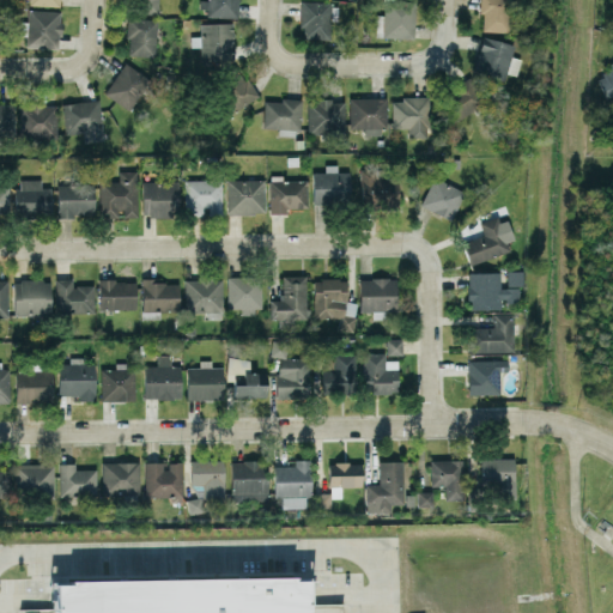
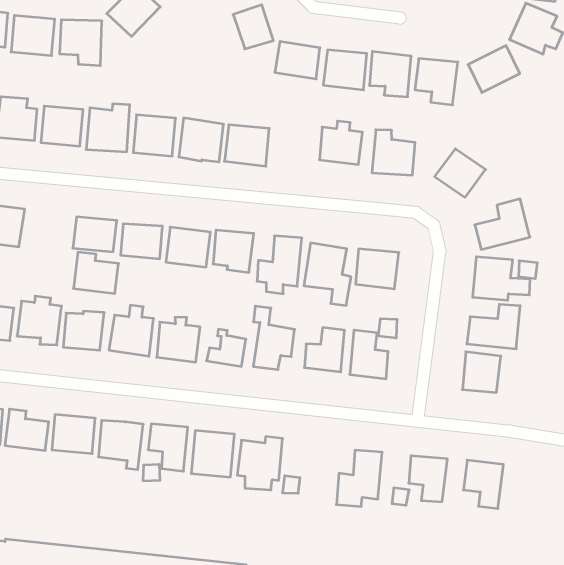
building: [269,177,308,216] -> none
building: [56,281,95,315] -> [73,252,119,293]
building: [328,465,363,488] -> none

